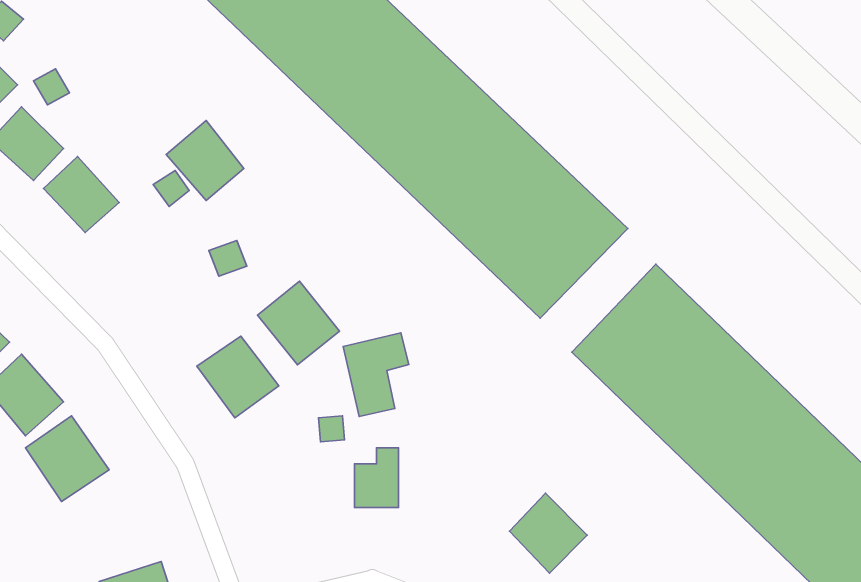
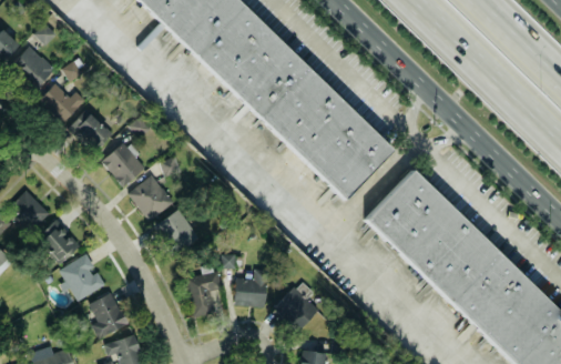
building: [166,121,244,200] -> [102,141,145,185]
building: [258,281,339,365] -> [129,174,174,221]
building: [343,333,409,416] -> [186,270,223,316]
building: none -> [89,292,129,335]
building: [510,493,587,573] -> [275,286,318,331]

